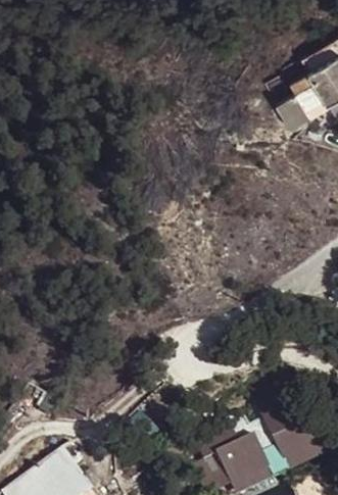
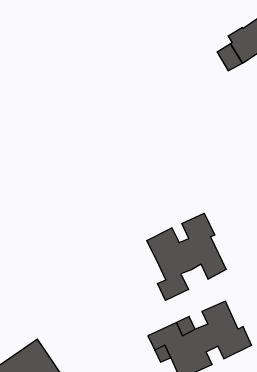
building: none -> [147,213,226,300]

